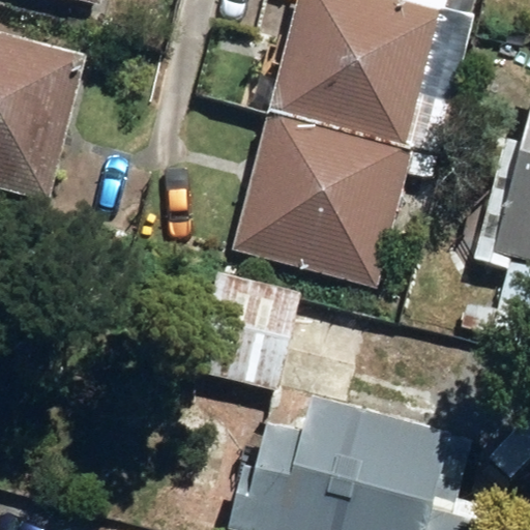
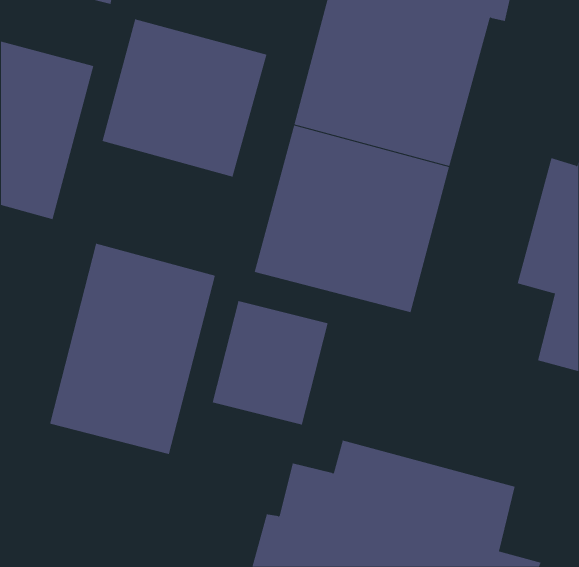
building: none -> [102,19,267,177]
building: none -> [50,243,215,455]

